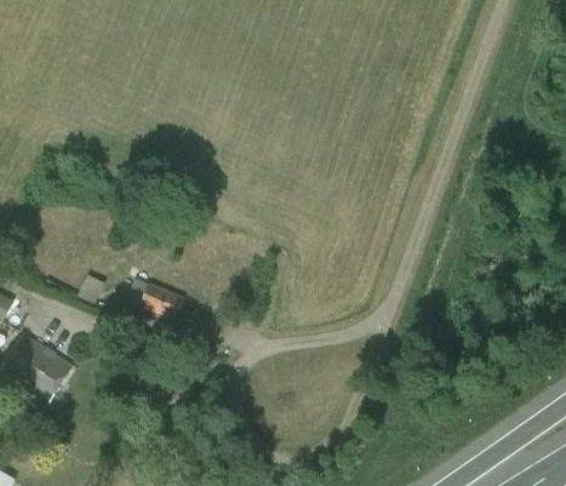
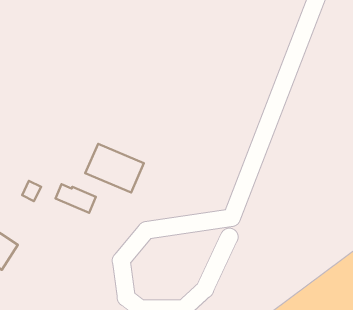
building: none -> [85,144,144,193]

